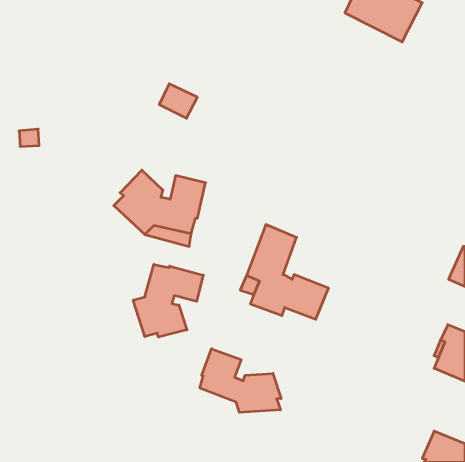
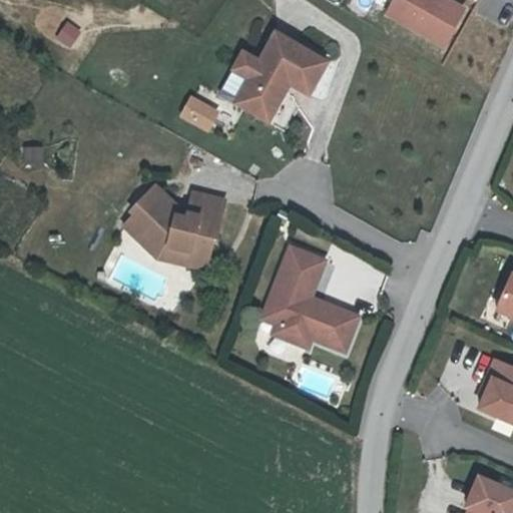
building: none -> [234,33,328,121]
building: [133,264,203,337] -> none
building: [200,349,281,412] -> none

